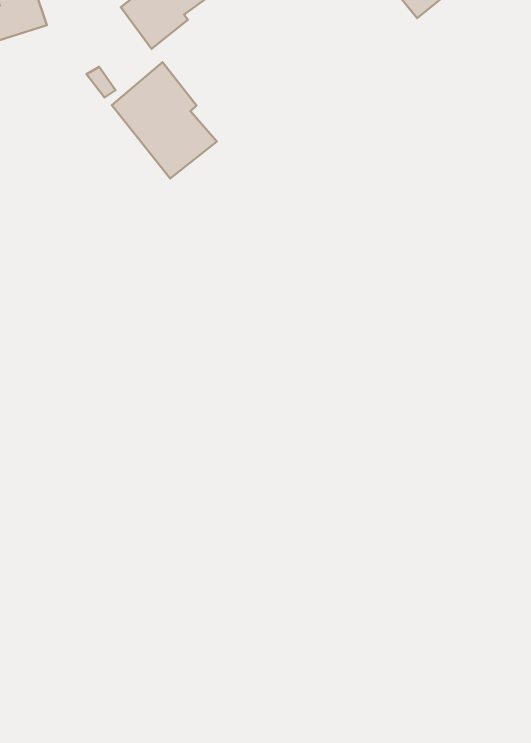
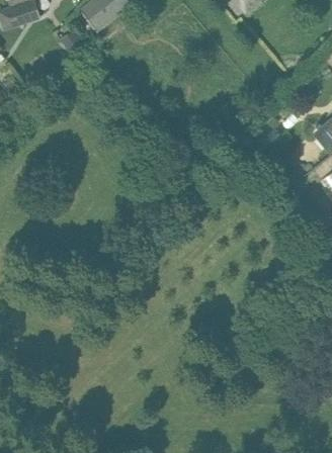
building: [112,62,217,178] -> none

